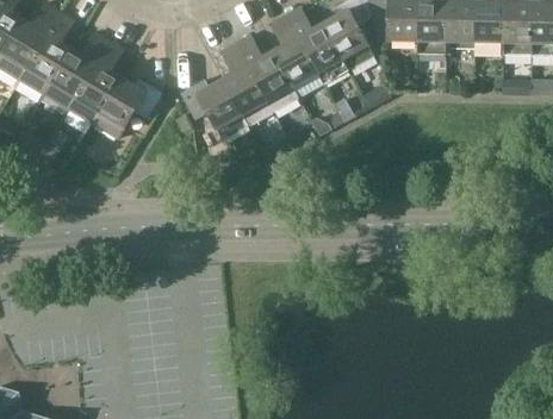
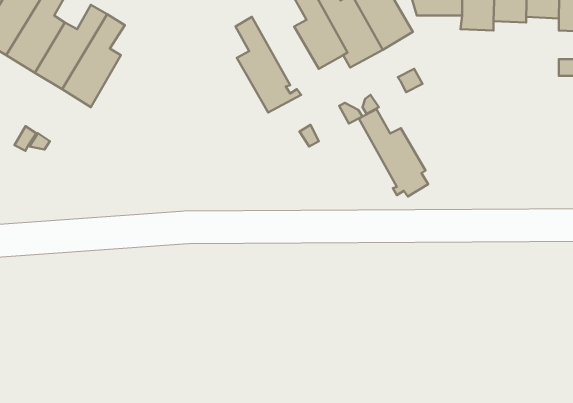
building: [235,35,296,111] -> [359,109,428,196]
building: [94,76,163,136] -> none
building: [180,79,249,140] -> none

